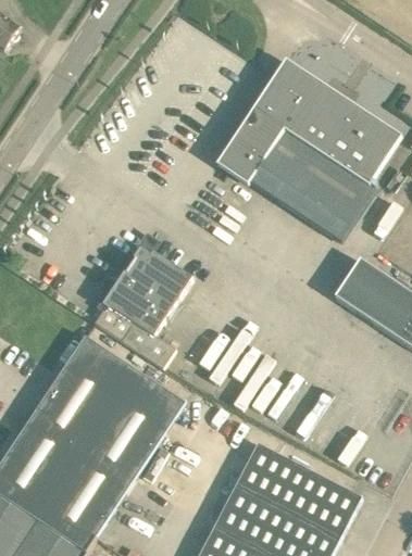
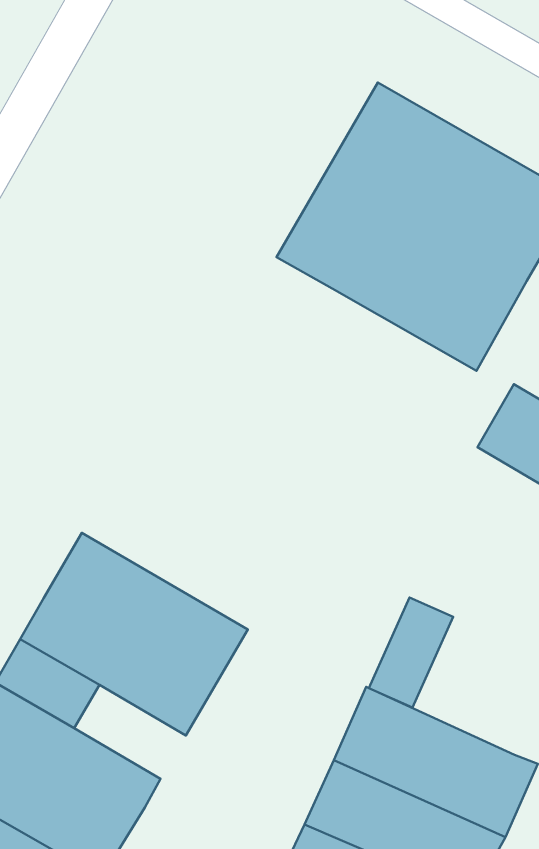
building: [93,251,192,369] -> none
building: none -> [369,598,453,707]
building: [73,431,142,492] -> none

